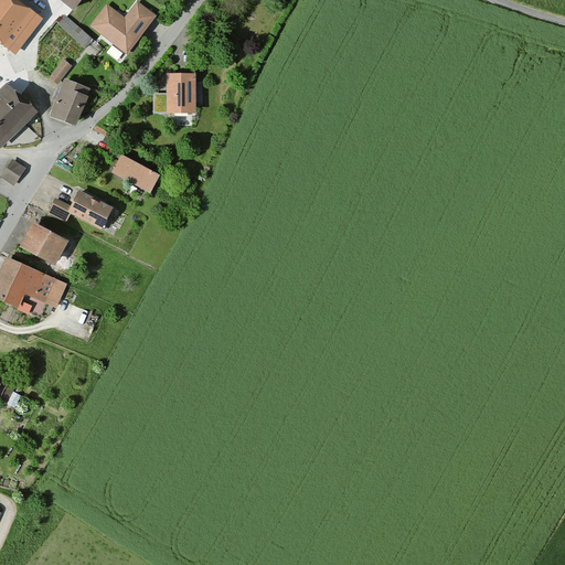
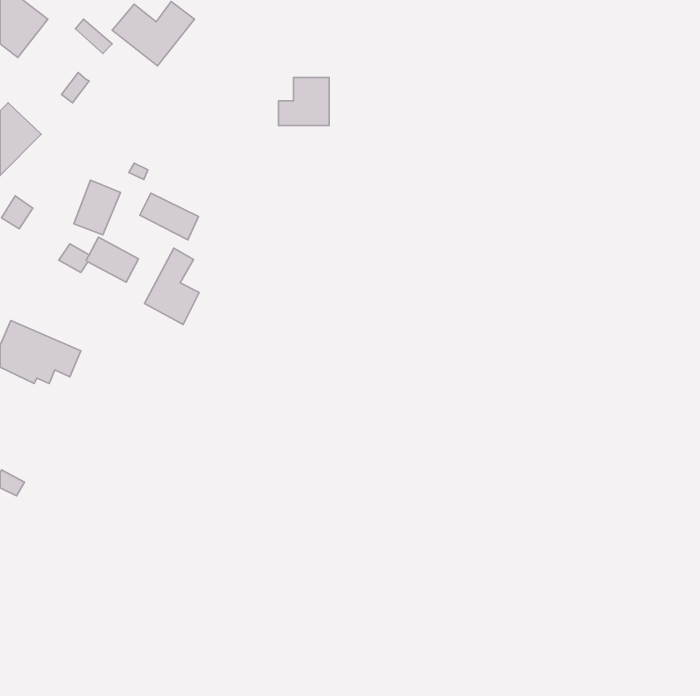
building: [154,74,195,113] -> [279,78,329,125]
building: [52,77,89,121] -> [74,180,121,235]
building: none -> [144,248,199,325]
building: [21,224,67,268] -> none

